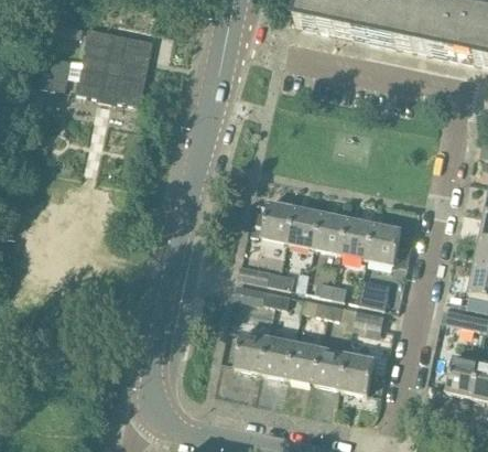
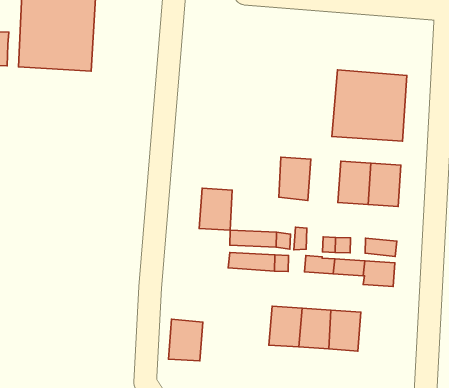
building: none -> [332,70,407,141]
building: [262,201,296,241] -> [199,188,232,230]
building: [315,212,349,254] -> none
building: [235,331,270,372] -> [169,319,203,361]
building: [340,354,376,395] -> none

